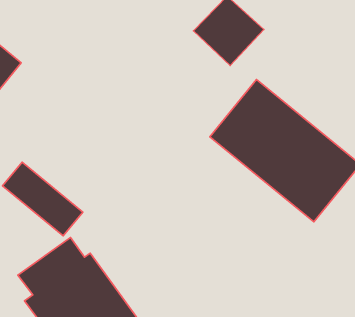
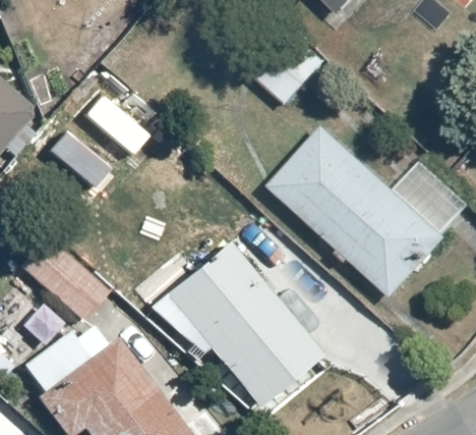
building: none -> [164,237,324,410]

